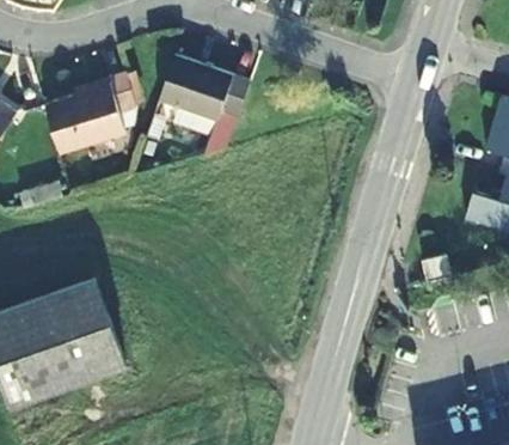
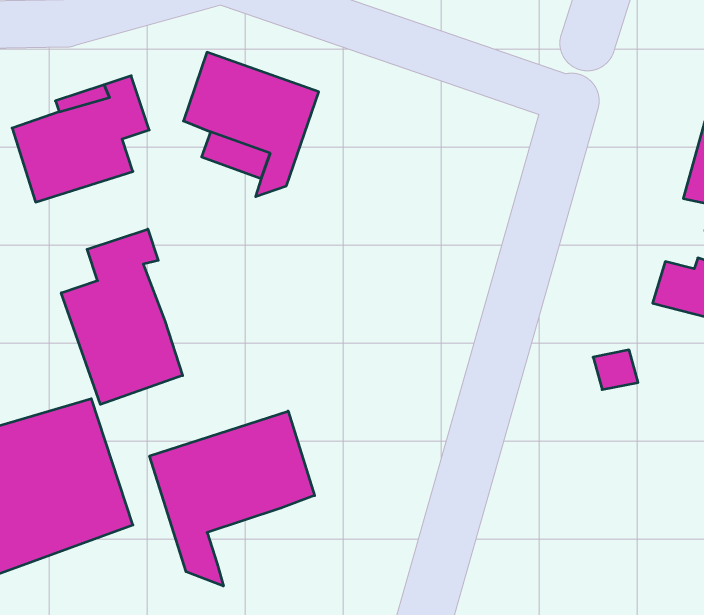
building: none -> [61,229,183,404]
building: none -> [150,411,315,586]

